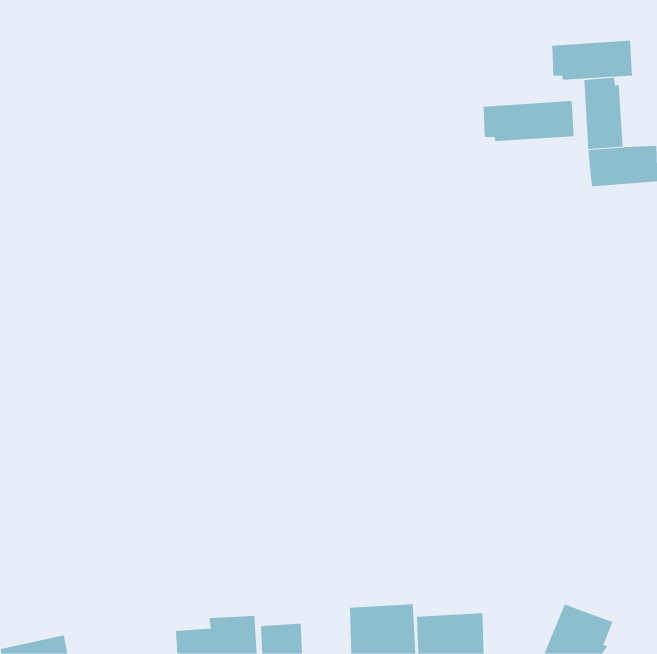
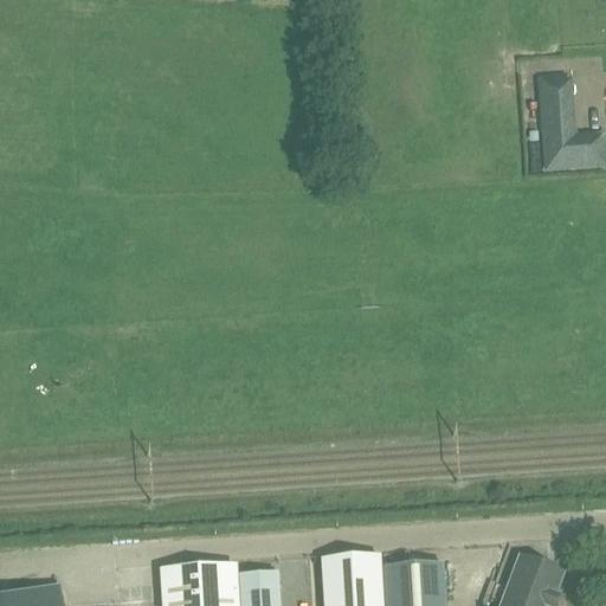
building: [552,40,632,81] -> none
building: [483,100,574,142] -> none

